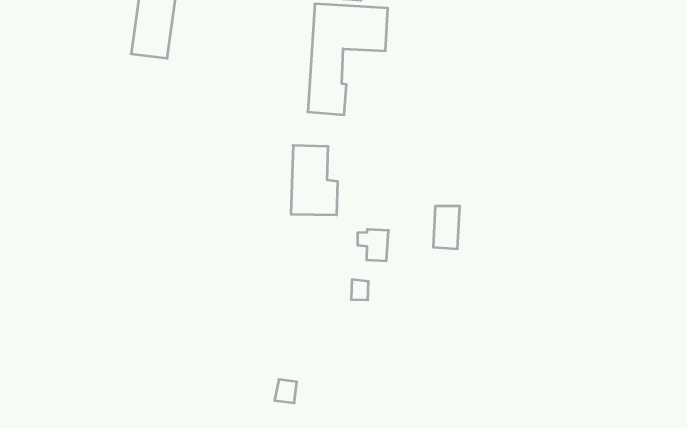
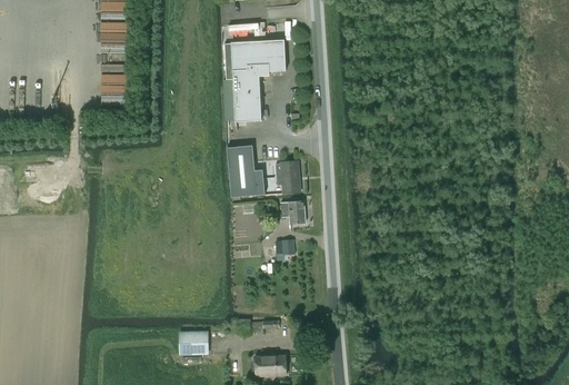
building: [433,206,460,249] -> [280,160,300,192]
building: none -> [179,330,207,349]

